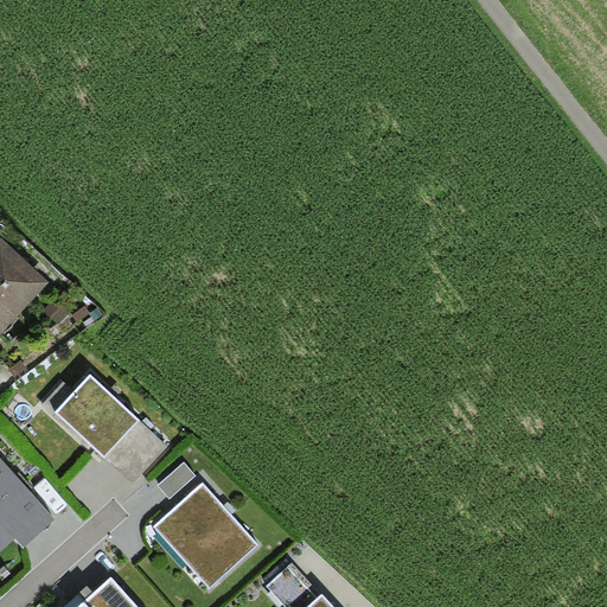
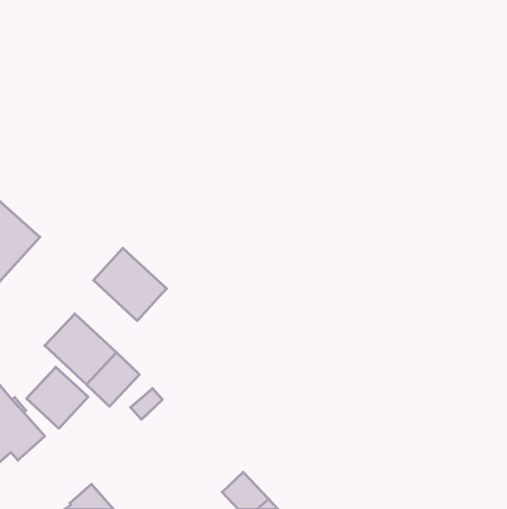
building: none -> [93,248,167,321]
building: none -> [27,367,88,428]
building: [152,483,257,589] -> none

